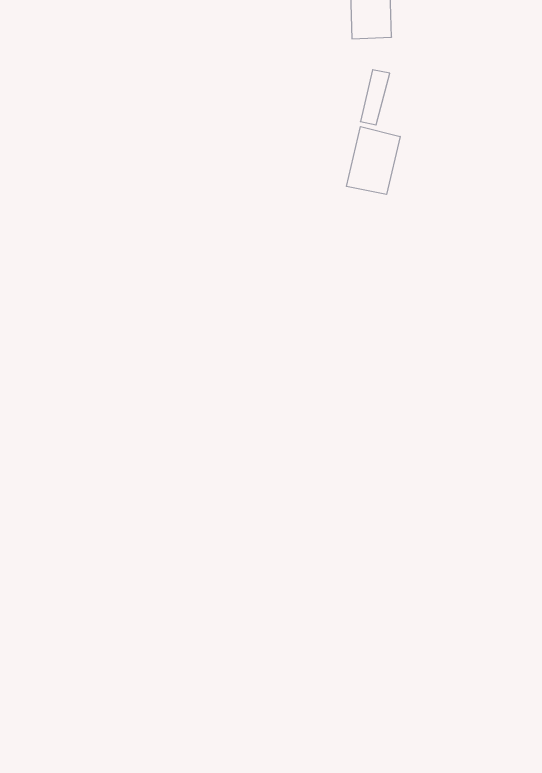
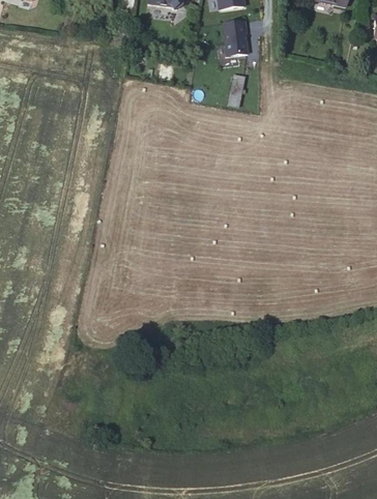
building: [346,127,400,194] -> none

